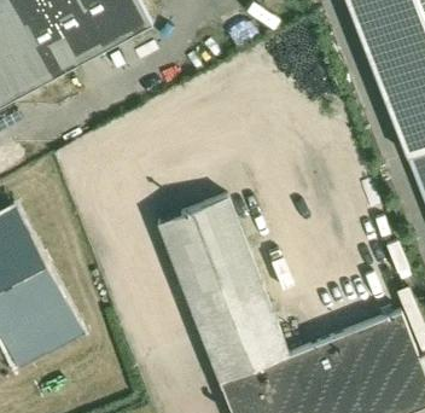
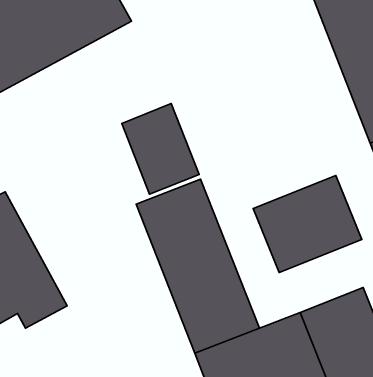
building: none -> [122,103,199,194]
building: none -> [253,175,362,272]

